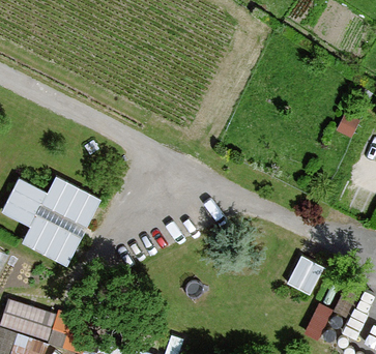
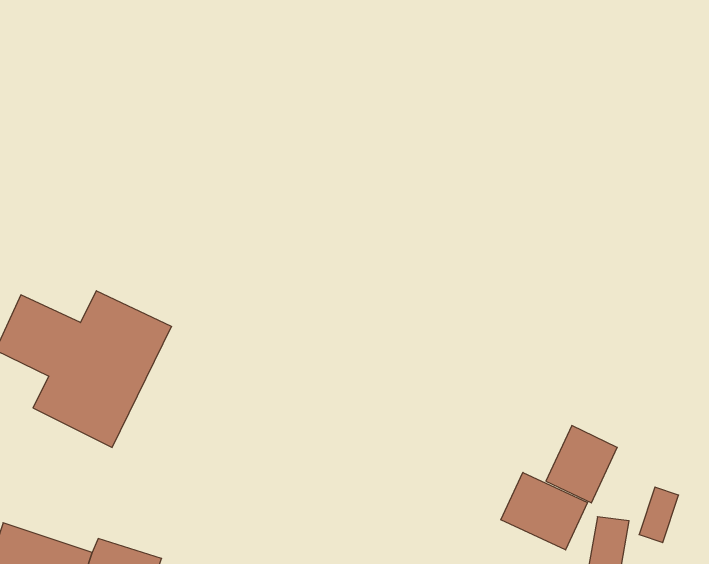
building: none -> [501,472,588,550]

